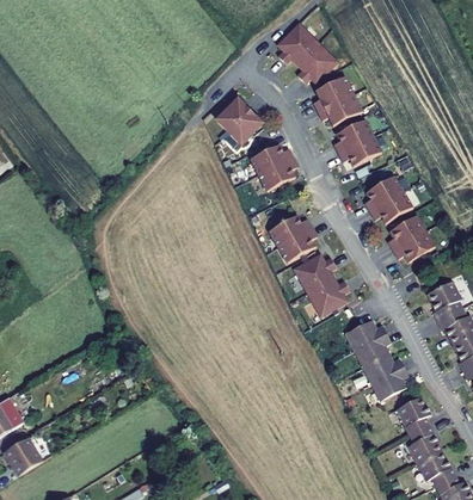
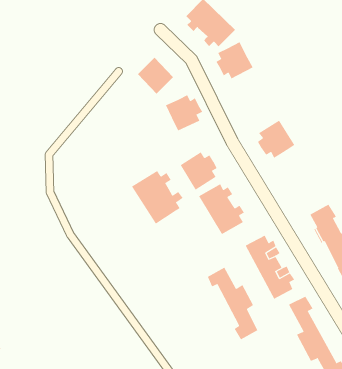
building: [331,121,377,167] -> none
building: [386,216,432,263] -> none
building: none -> [131,170,184,225]
building: none -> [207,267,258,340]

